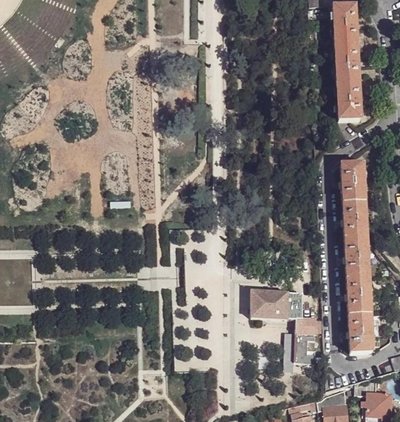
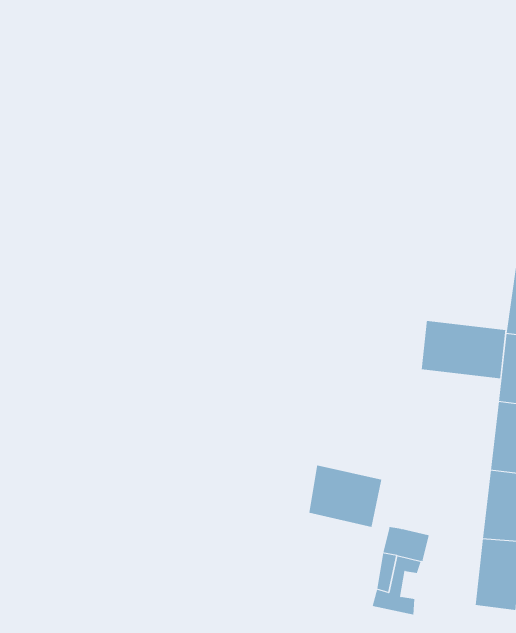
building: none -> [421,320,506,379]
building: [287,291,303,318] -> none

